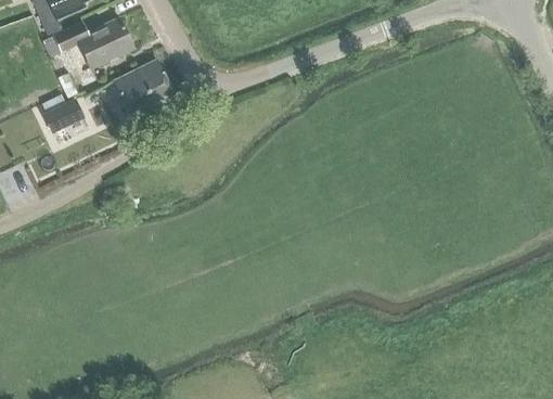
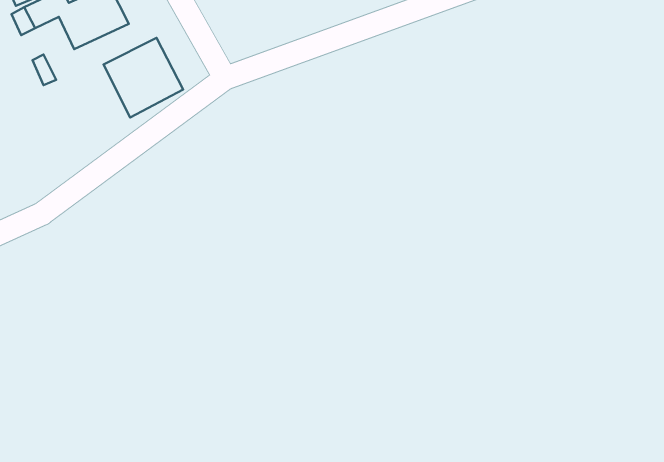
building: [41,94,83,133] -> none

